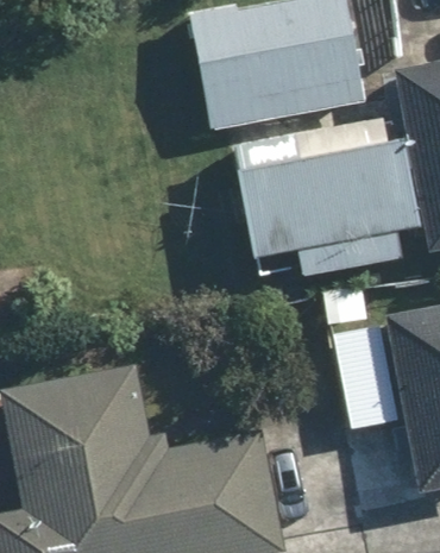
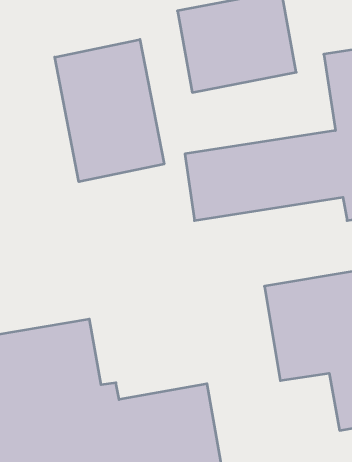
building: none -> [55,39,164,182]

